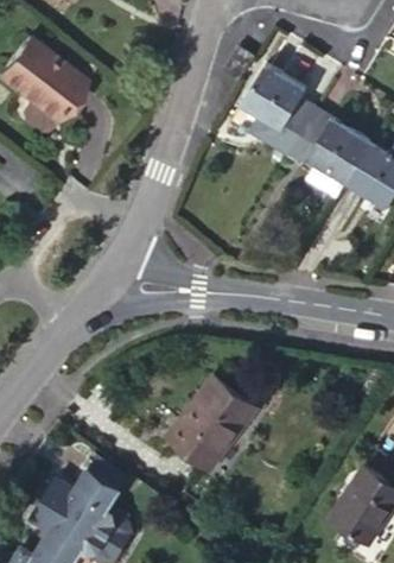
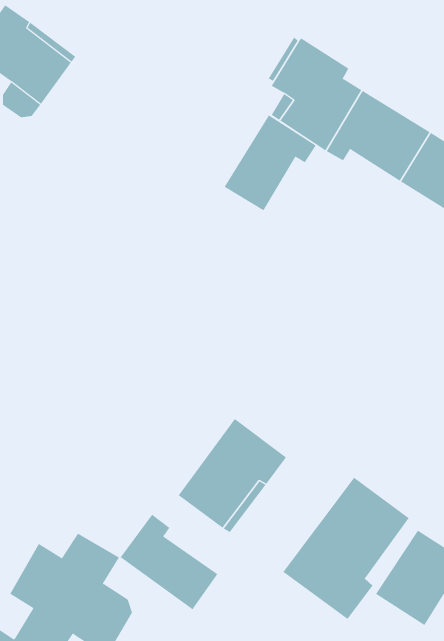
building: none -> [224,115,317,211]
building: none -> [283,477,409,620]
building: none -> [120,514,218,610]

